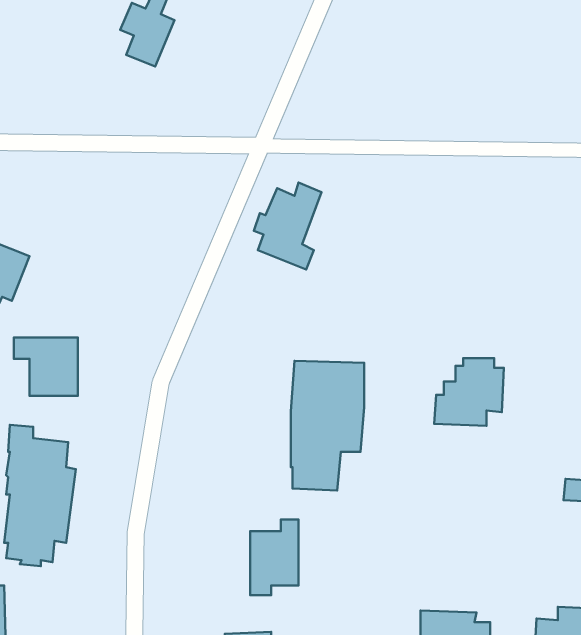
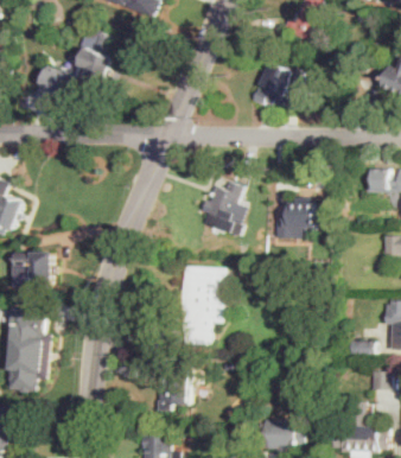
building: none -> [250,62,303,106]
building: none -> [37,63,78,96]
building: [254,182,322,269] -> [200,180,242,234]
building: [434,358,504,426] -> [274,197,317,238]

